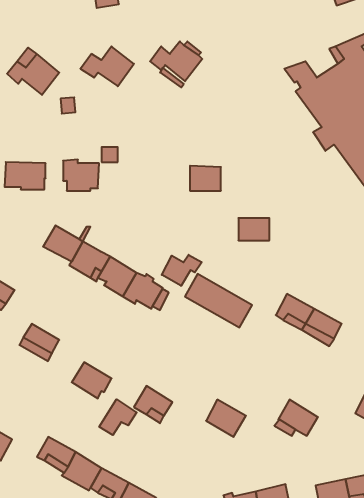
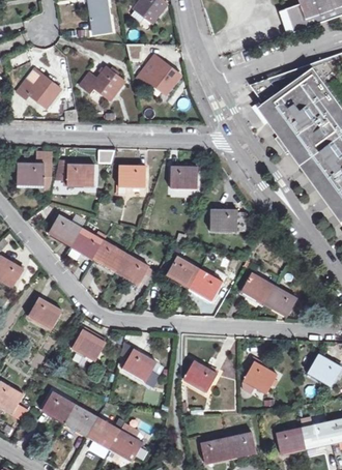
building: none -> [118,166,145,195]
building: [162,255,202,286] -> none
building: [99,399,137,435] -> none

